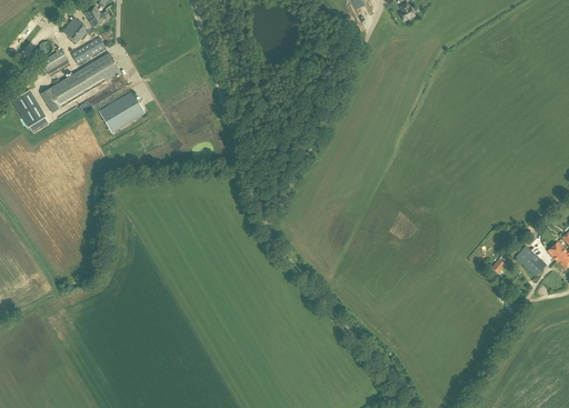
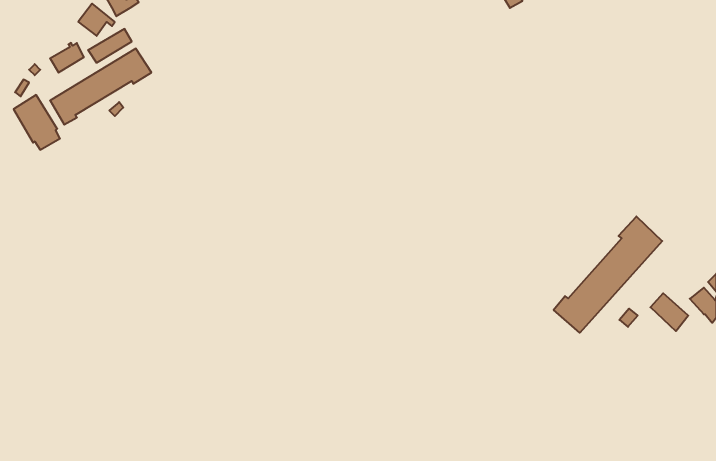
building: [100,91,146,132] -> none
building: none -> [554,216,662,333]

